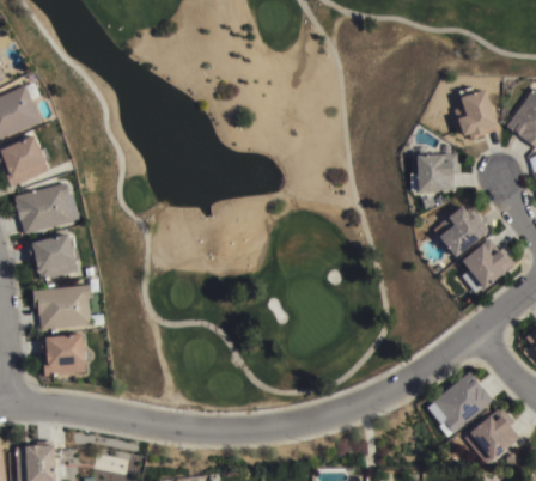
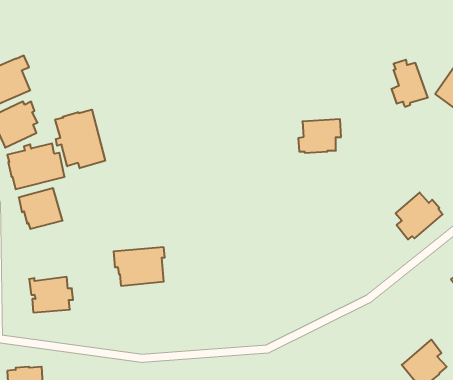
building: none -> [55,110,105,168]
building: [409,153,458,191] -> [298,119,341,153]
building: [437,207,488,258] -> none
building: [34,285,92,329] -> [114,247,165,286]
building: [426,372,493,438] -> none

